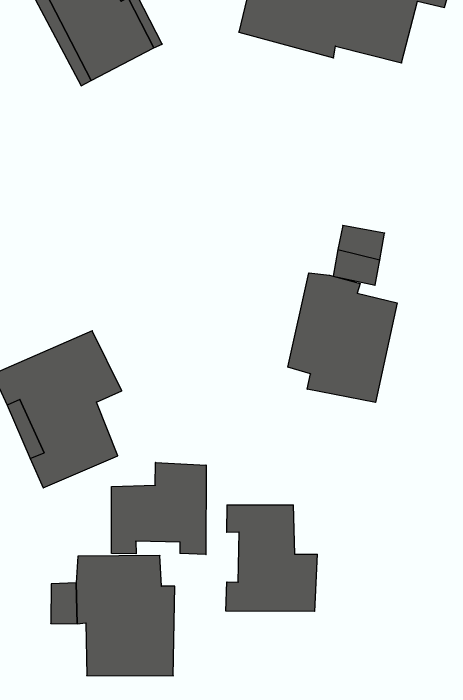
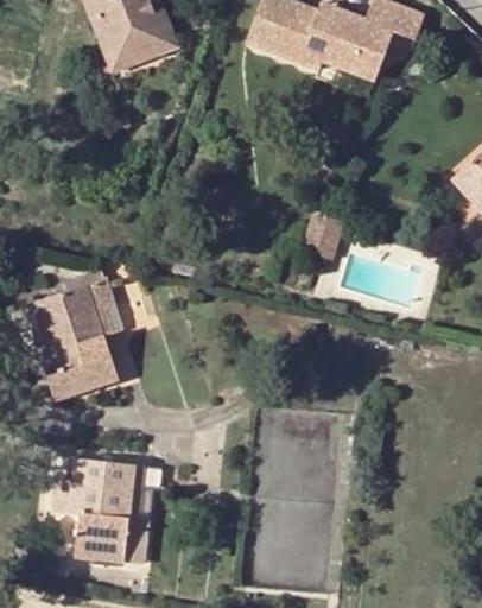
building: [288,273,397,402] -> none
building: [112,462,206,555] -> none
building: [226,505,317,611] -> none

